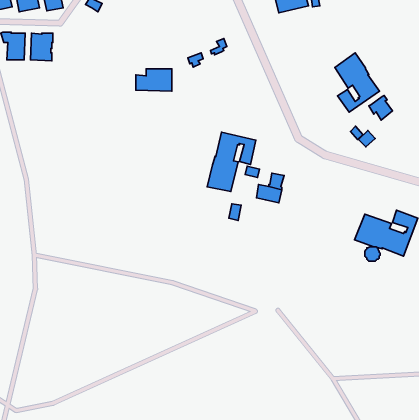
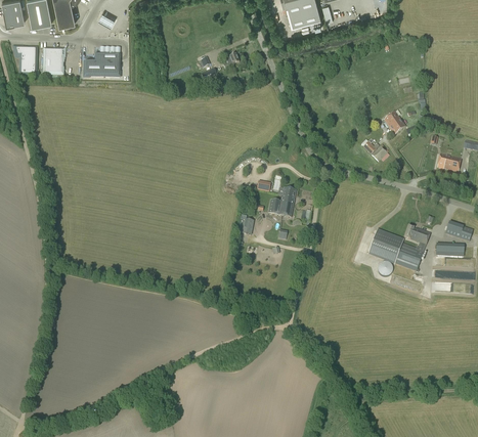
building: [335,53,380,112] -> none
building: [136,69,172,91] -> [83,53,119,76]
building: [207,132,256,192] -> none

